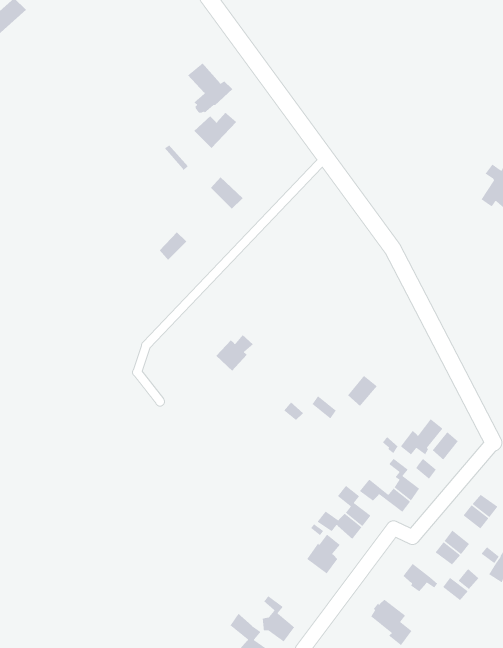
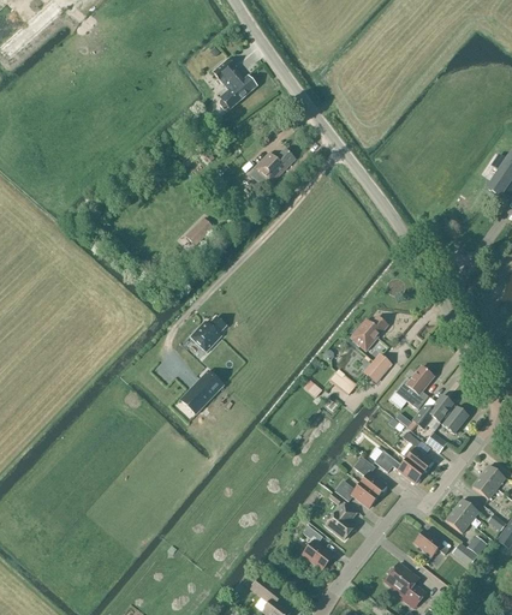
building: [194,112,237,149] -> [255,149,296,184]
building: none -> [350,314,389,351]
building: [215,334,254,371] -> [191,315,227,350]
building: none -> [397,365,434,408]
building: none -> [181,369,225,412]
building: [262,595,295,643] -> [303,525,334,569]

